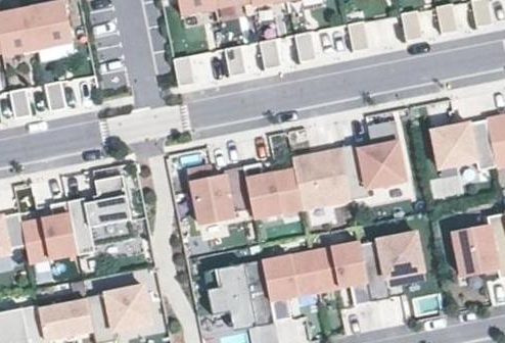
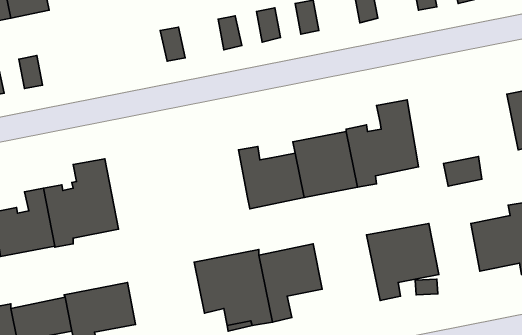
building: [430,124,475,168] -> none
building: [188,166,250,225] -> none
building: [310,242,370,305] -> none

